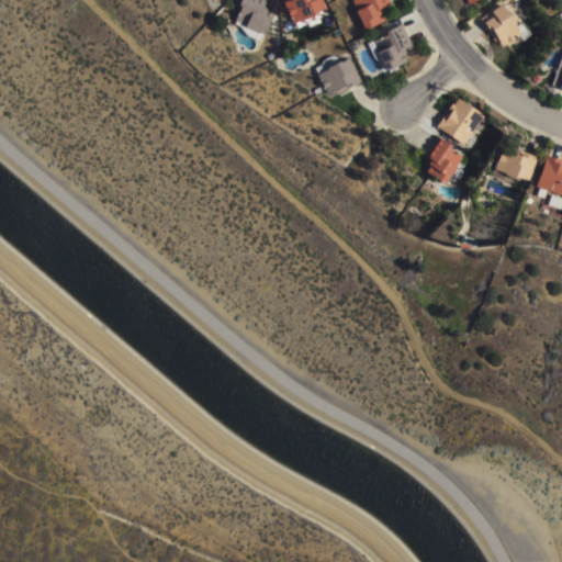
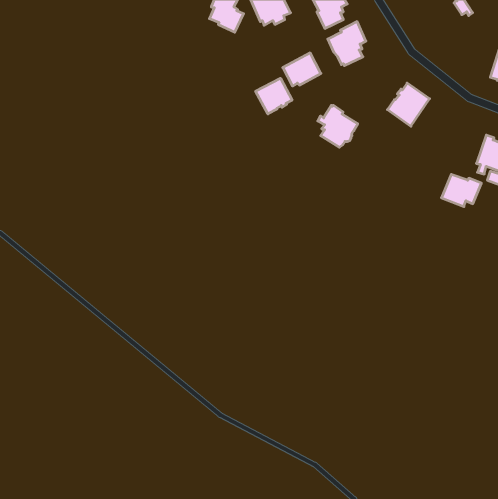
building: [481,7,531,49] -> none
building: none -> [256,78,292,114]
building: [424,134,469,181] -> [318,105,358,147]
building: [493,144,538,180] -> [441,174,481,207]

